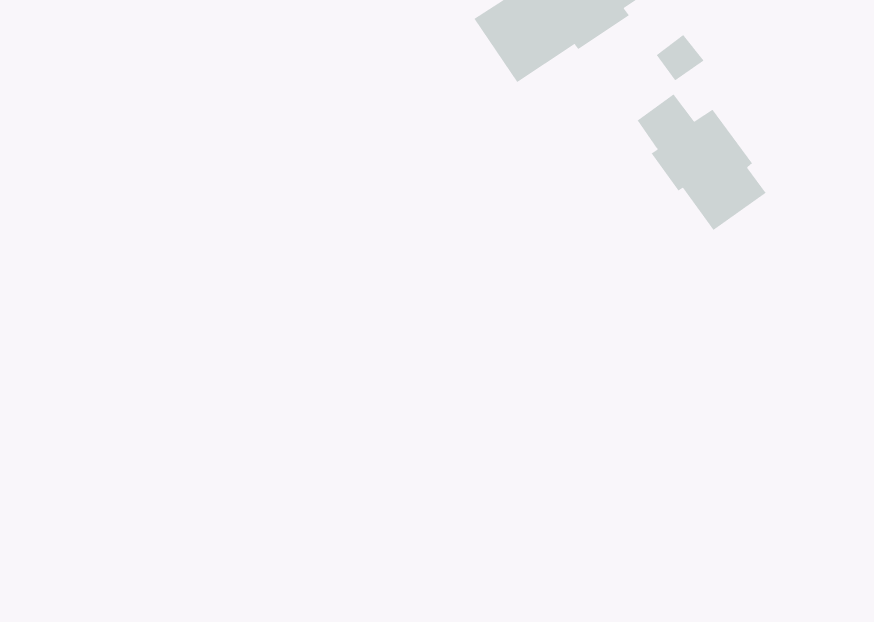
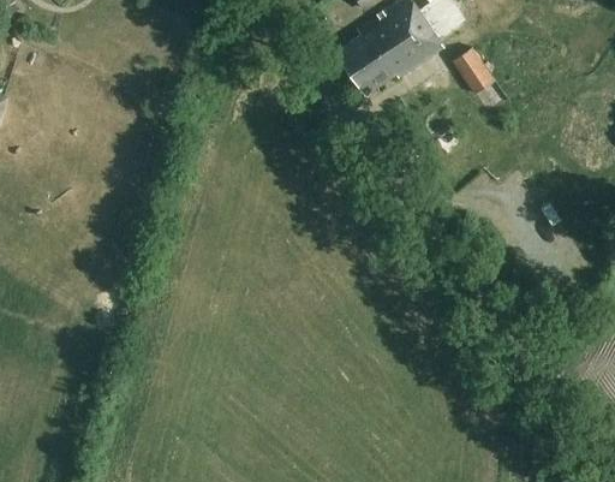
building: [637,93,767,231] -> none

